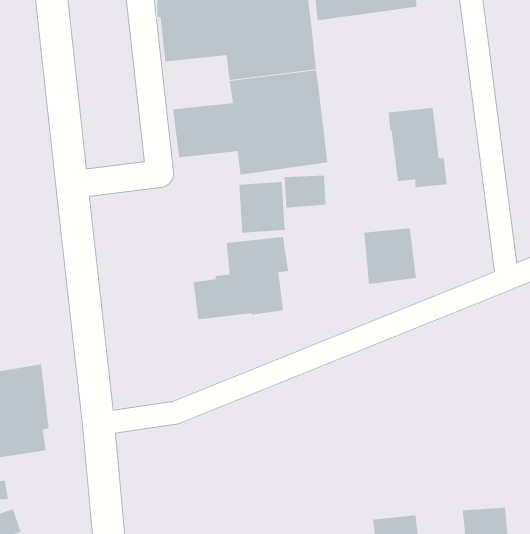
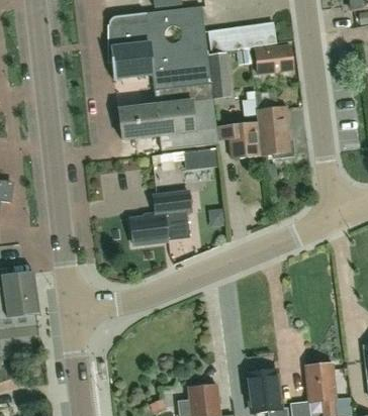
building: none -> [254,44,293,73]
building: none -> [207,51,231,98]
building: [363,228,417,285] -> [227,121,262,158]

